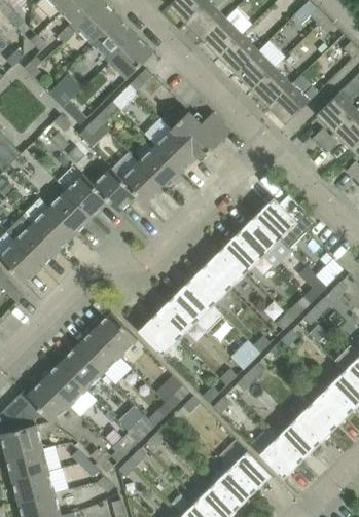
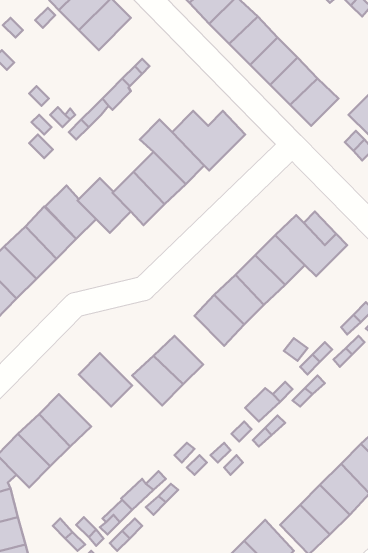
building: [109,35,152,79] -> none
building: [172,282,223,333] -> none
building: [76,330,119,373] -> none

